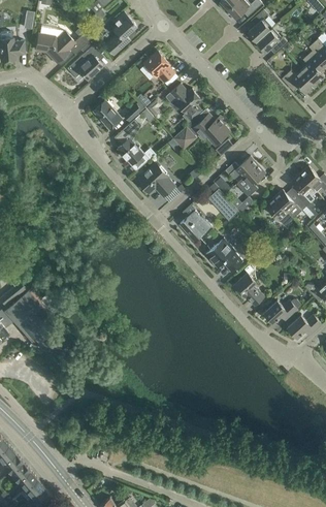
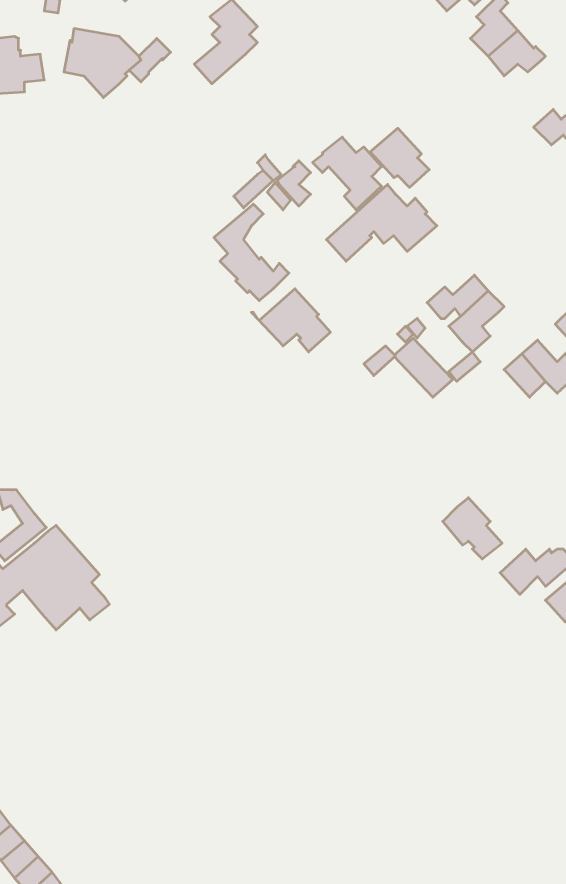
building: [66,45,101,81] -> none
building: [143,52,174,83] -> [370,128,429,187]
building: [93,95,122,130] -> none
building: [180,211,211,243] -> none
building: [205,242,242,273] -> none

